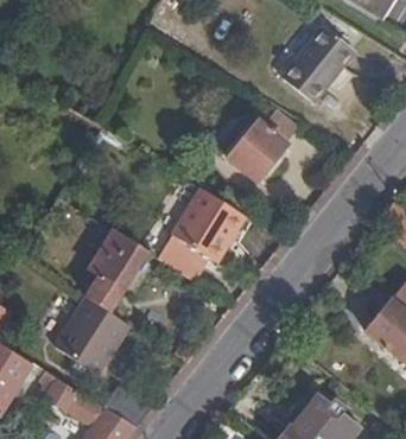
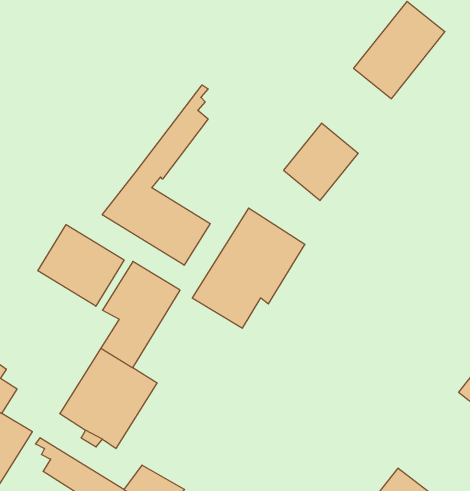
building: none -> [102,85,210,265]
building: none -> [38,225,124,306]

